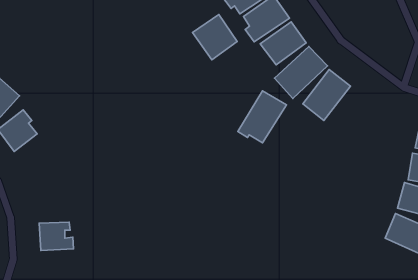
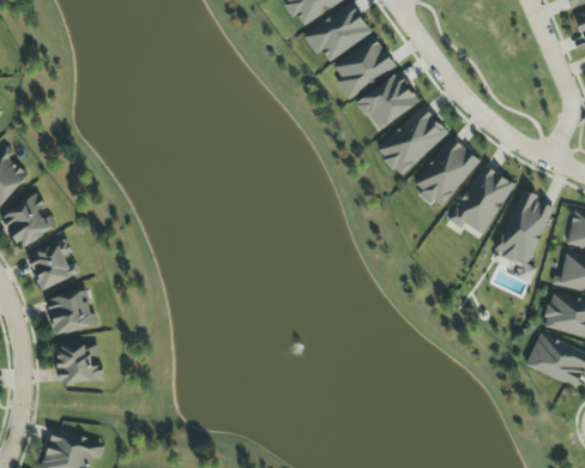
building: [192,14,237,60] -> none
building: [238,91,286,143] -> [450,164,515,235]
building: none -> [494,188,553,282]
building: none -> [28,240,80,289]
building: none -> [47,290,97,335]

